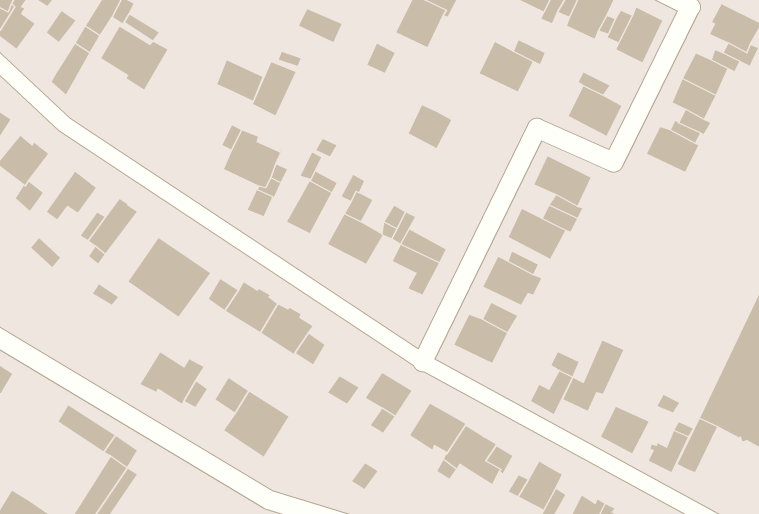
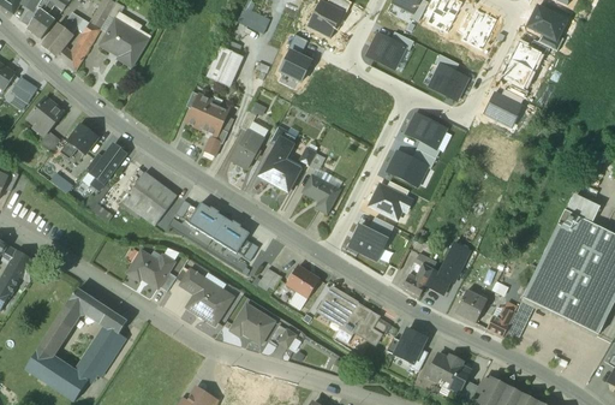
building: none -> [42,23,71,61]
building: [216,60,263,102] -> none
building: [408,105,452,149] -> [280,50,311,82]
building: none -> [37,300,84,356]
building: none -> [228,303,275,344]

